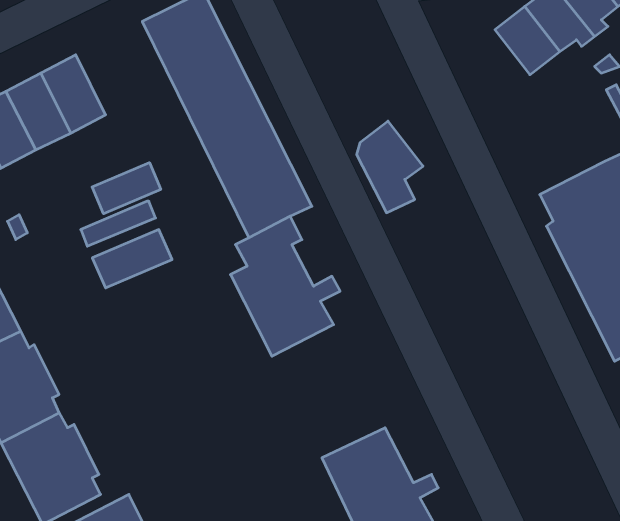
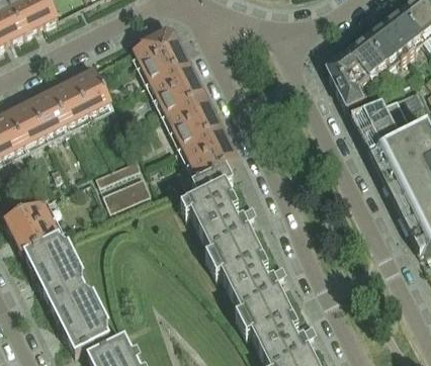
building: none -> [355,97,414,153]
building: [357,121,423,213] -> [328,53,368,108]
building: [92,163,161,214] -> none
building: none -> [211,232,282,312]

